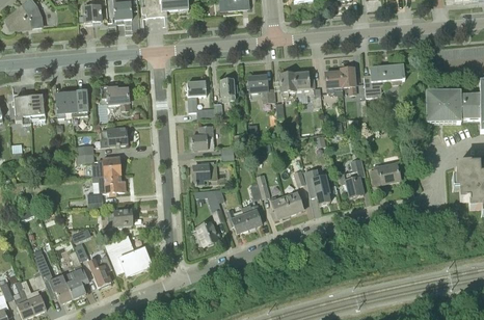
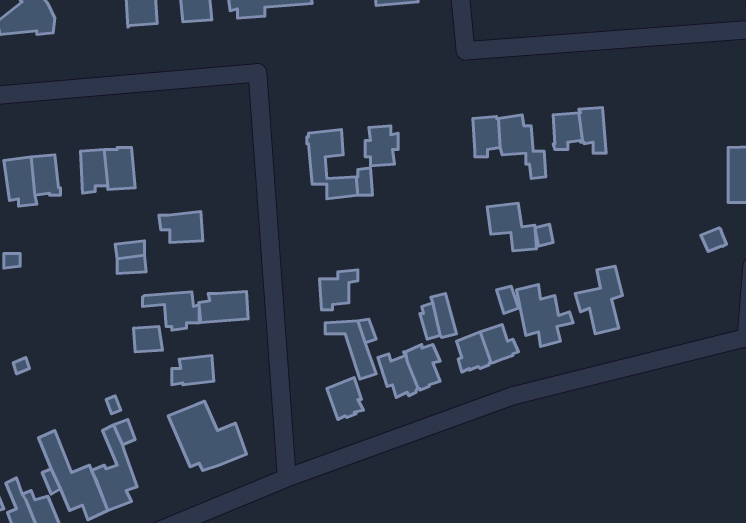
building: [364,62,404,97] -> none
building: [248,75,276,102] -> [487,203,537,251]
building: [101,84,130,109] -> none
building: [191,125,215,149] -> none
building: [92,157,120,175] -> [199,292,248,323]
building: [371,162,401,185] -> none
building: [89,255,113,286] -> none

